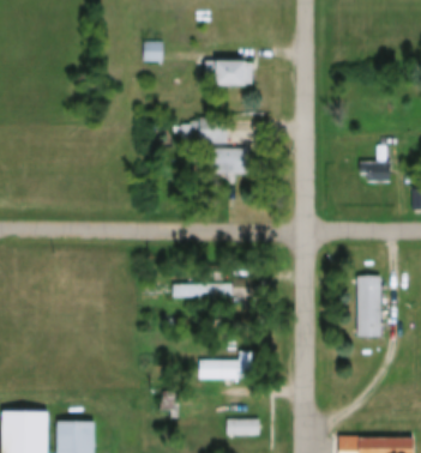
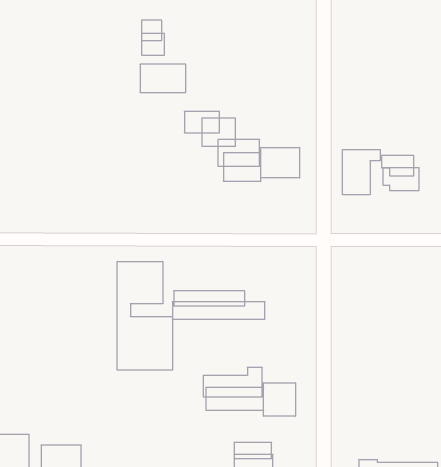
building: [210,60,251,85] -> [140,64,186,92]
building: none -> [261,147,300,178]
building: none -> [343,150,380,195]
building: none -> [117,261,172,370]
building: [357,274,380,334] -> none
building: none -> [264,383,295,416]

